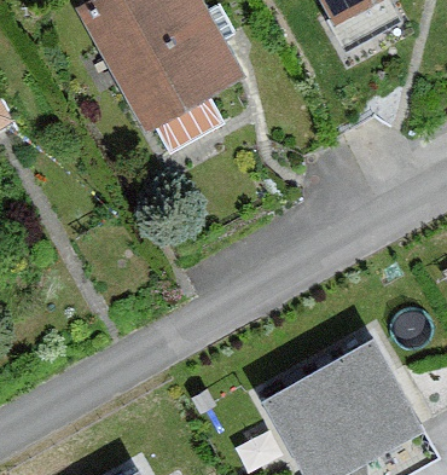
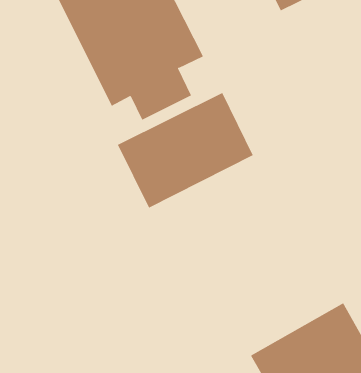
building: none -> [117,92,254,208]

